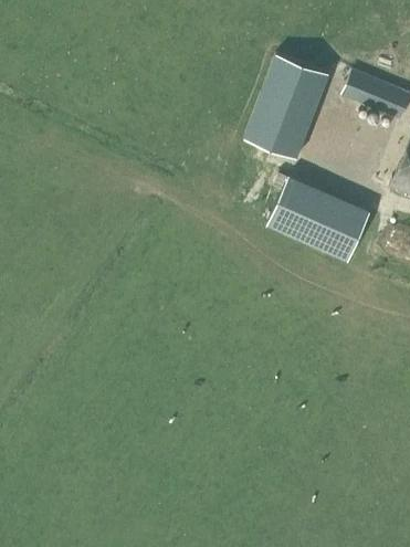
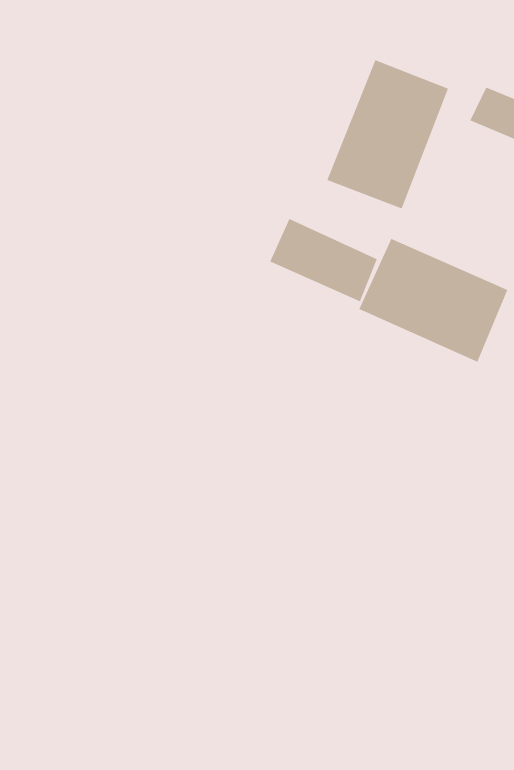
building: none -> [270,218,377,302]

